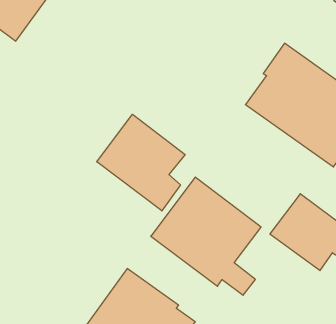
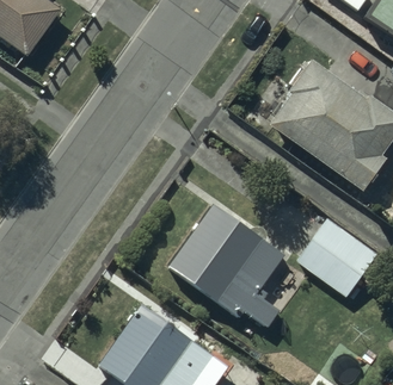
building: [97,114,185,211] -> none

